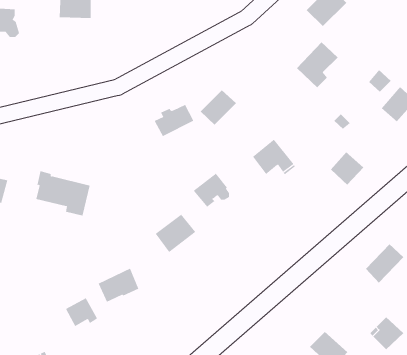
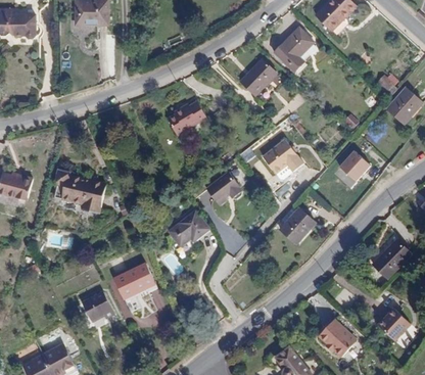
building: [296,42,338,88] -> [273,26,314,71]
building: [200,89,237,125] -> [239,59,275,94]
building: none -> [279,207,315,243]

